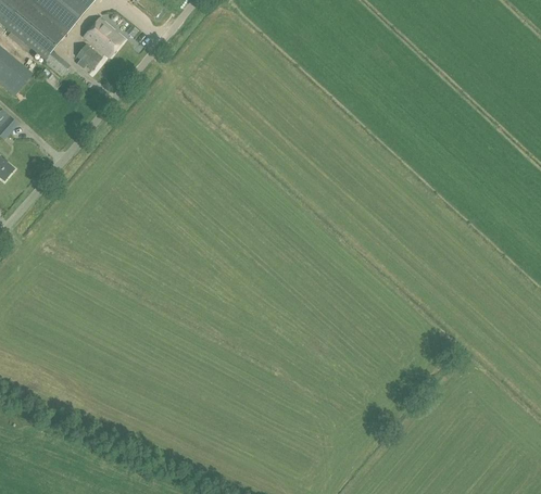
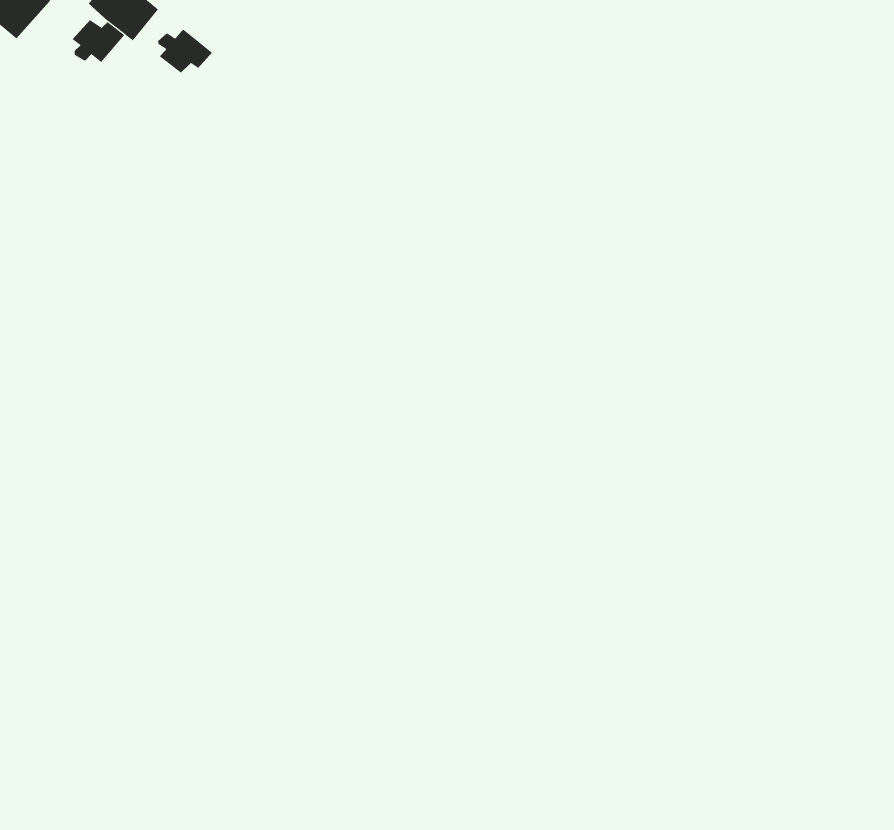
building: none -> [157,28,213,73]

